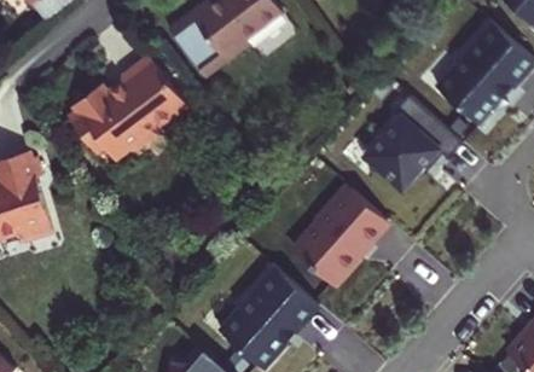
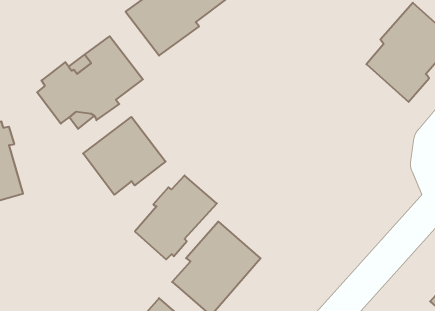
building: [365,94,463,188] -> none
building: none -> [83,117,166,195]
building: [295,188,387,283] -> [135,175,217,259]

